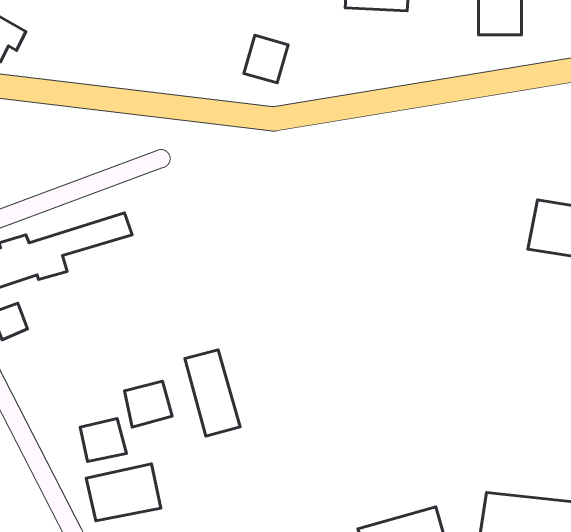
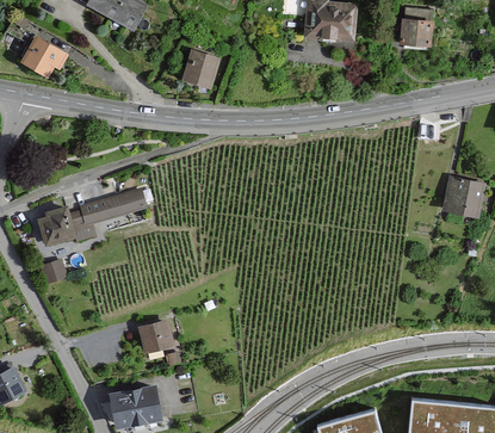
building: [244,35,288,83] -> [184,49,217,85]
building: [185,350,240,436] -> none
building: [80,418,127,462] -> none

